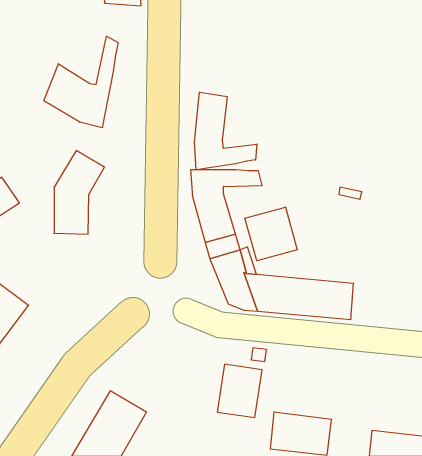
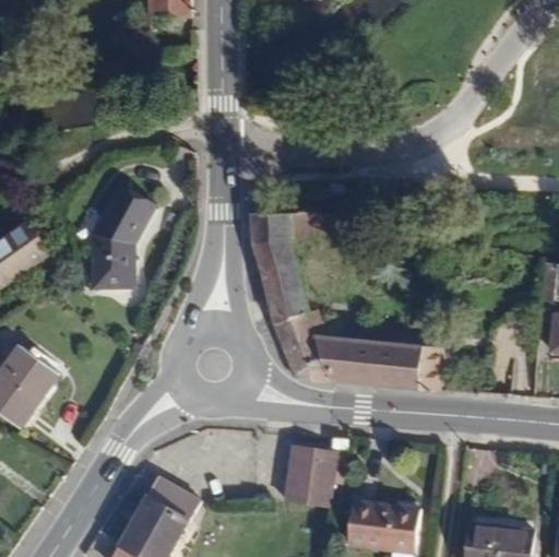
building: [44,36,118,128] -> none
building: [194,92,257,170] -> none
building: [245,207,297,261] -> none

